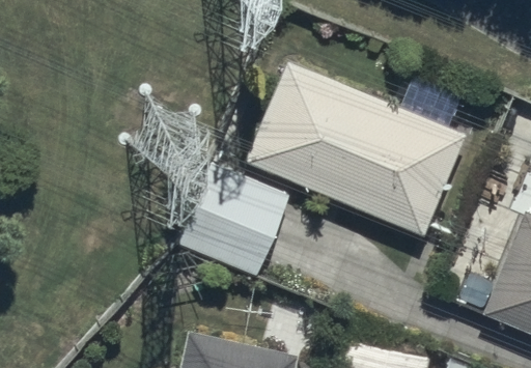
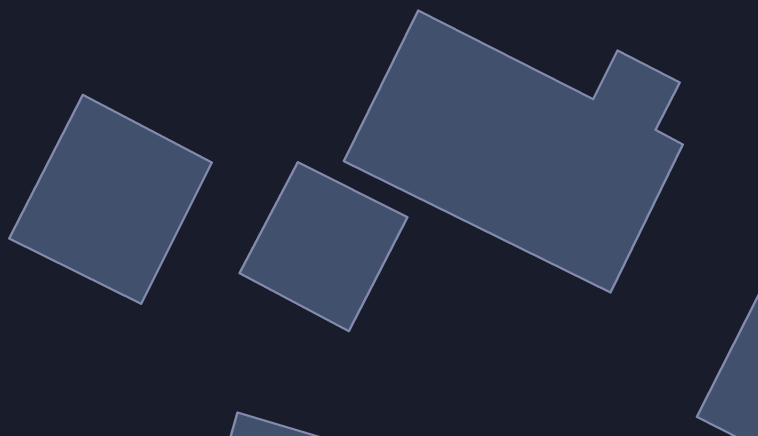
building: none -> [9,95,212,304]

